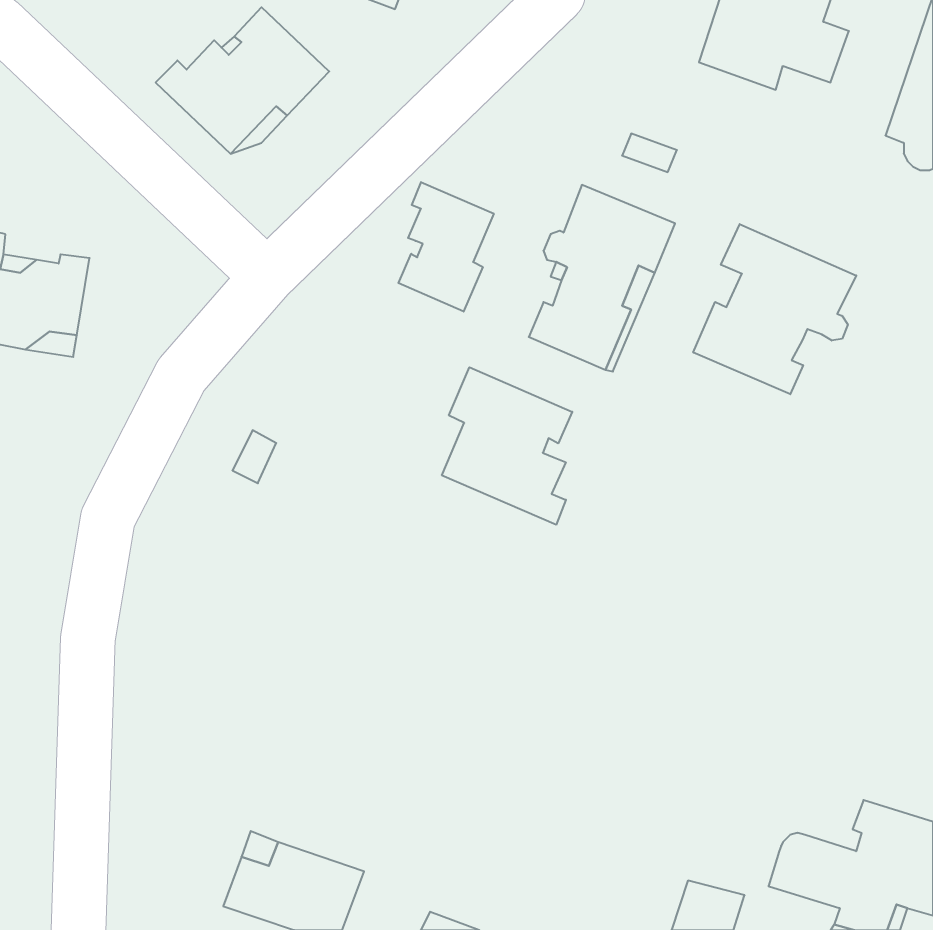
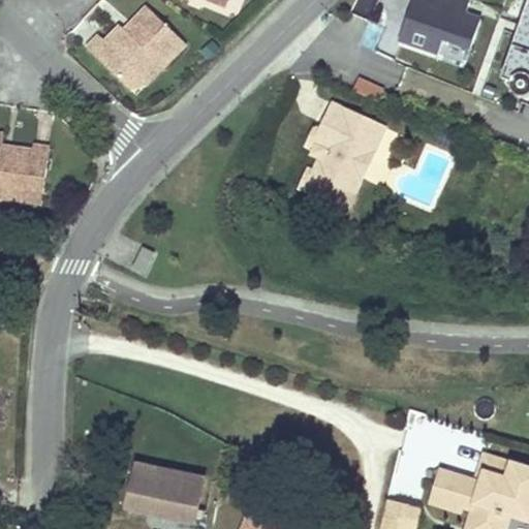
building: [398,182,494,312] -> none
building: [693,224,856,394] -> none
building: [442,367,572,525] -> none

